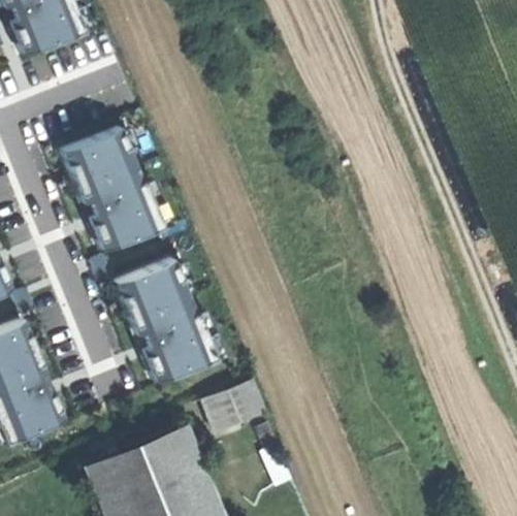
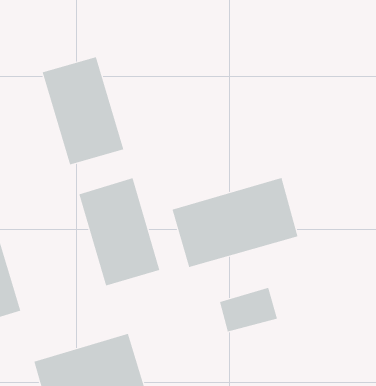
building: none -> [172,177,298,268]
building: [201,377,268,431] -> [219,287,278,332]

